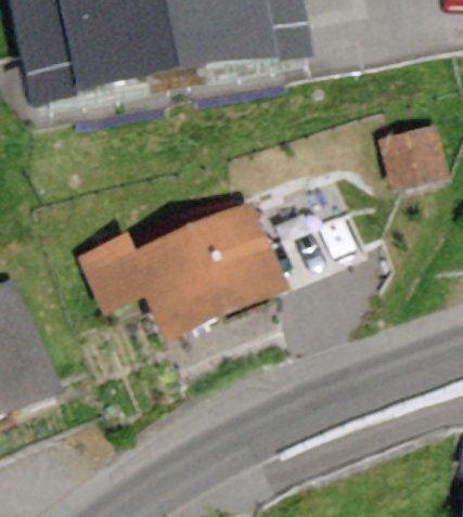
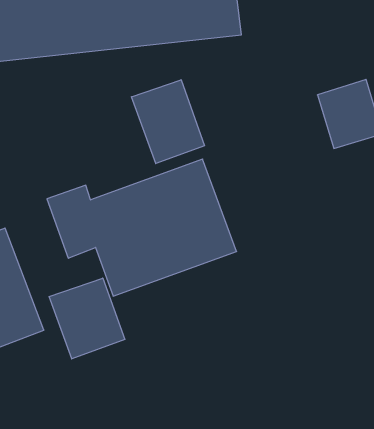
building: none -> [131,80,205,164]
building: none -> [49,278,125,359]

